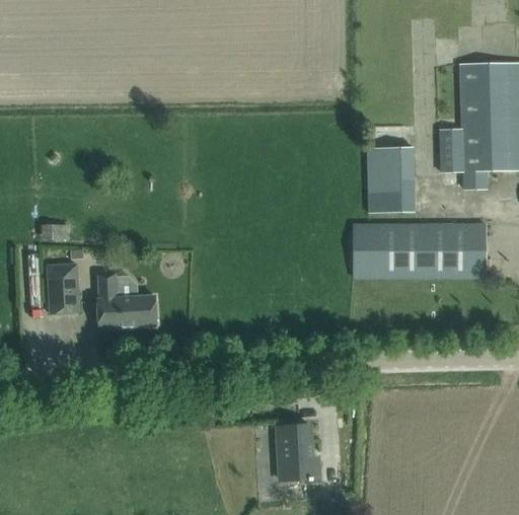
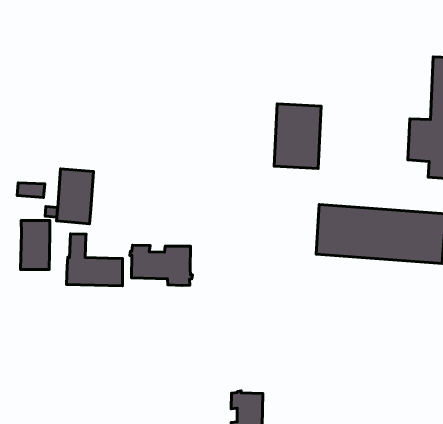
building: [366,146,414,212] -> [274,104,321,169]
building: none -> [57,169,93,224]
building: none -> [130,245,193,285]

